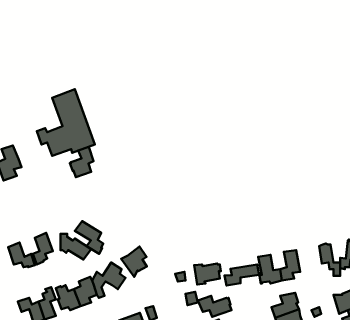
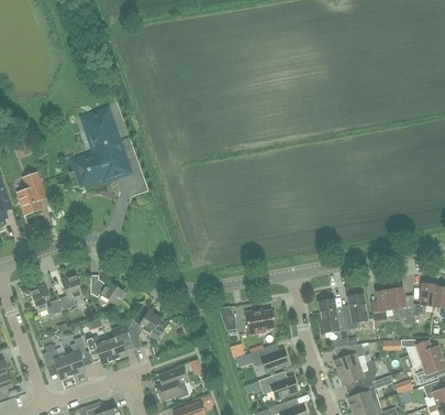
building: [70,147,94,177] -> none
building: [75,221,103,254] -> none
building: none -> [370,288,392,320]
building: [121,246,147,277] -> none
building: [225,265,259,286] -> none

